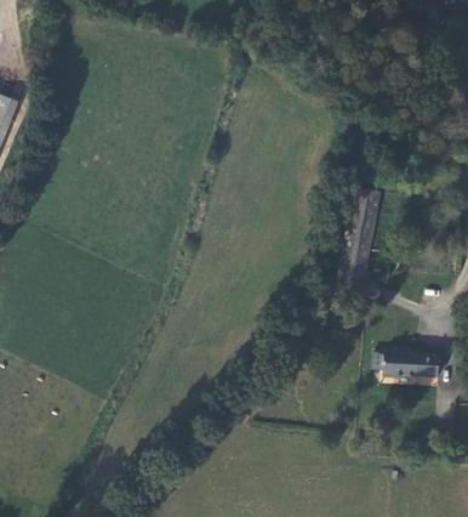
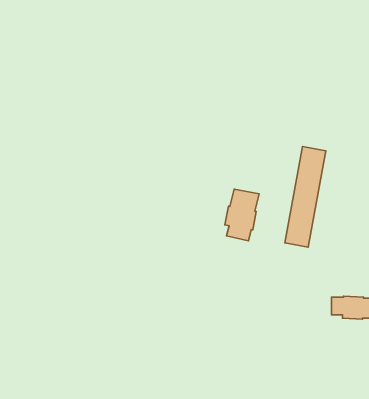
building: none -> [225,189,259,241]

